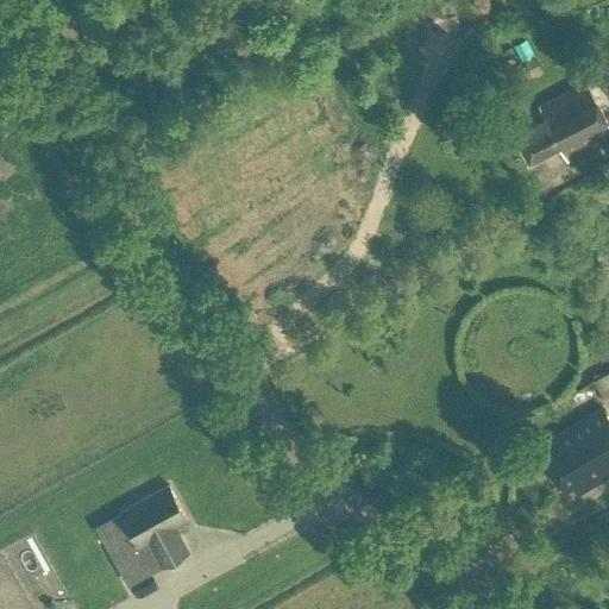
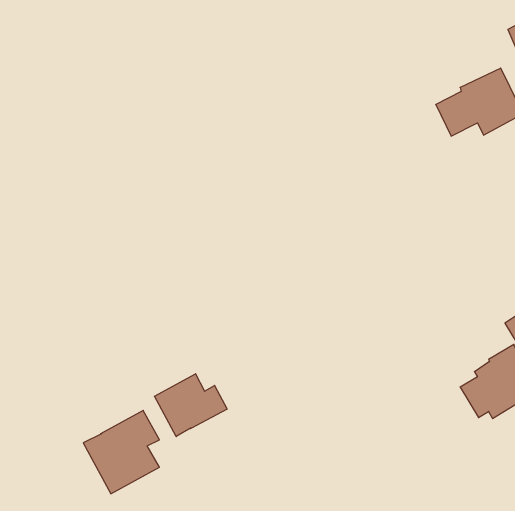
building: none -> [154,374,227,437]

